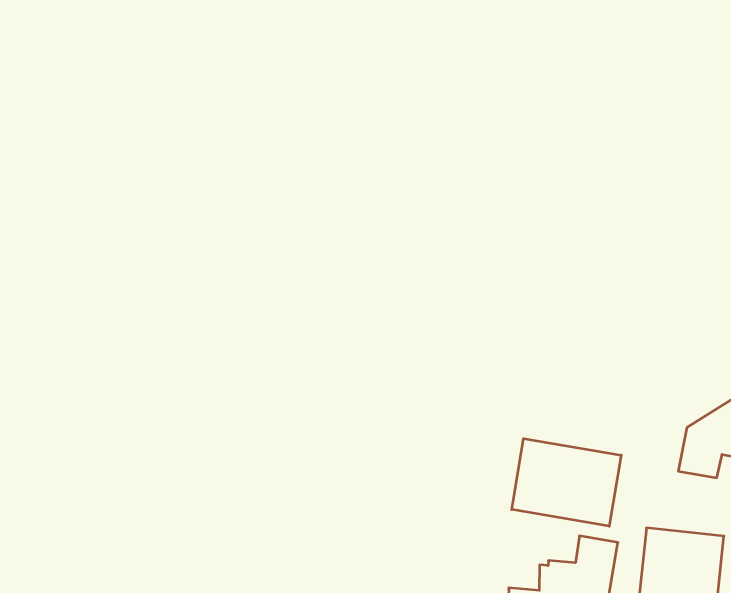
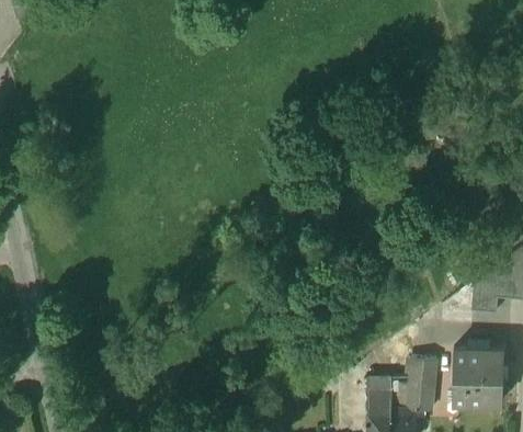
building: [512,439,621,526] -> none

